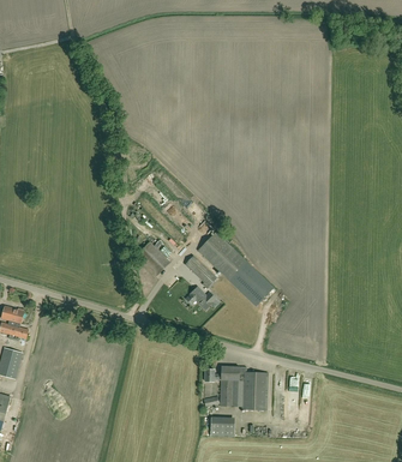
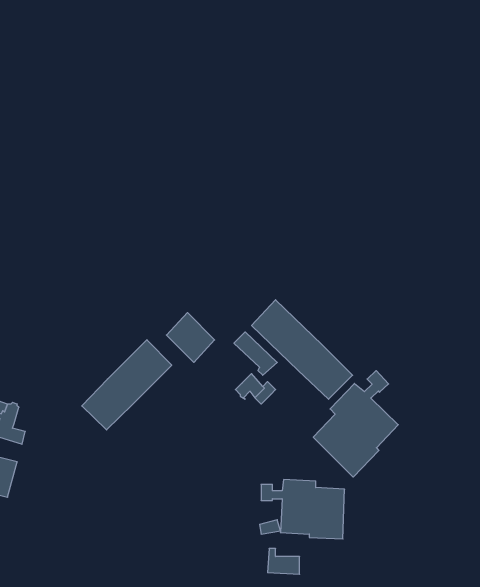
building: none -> [82,340,172,430]
building: none -> [313,371,398,477]

